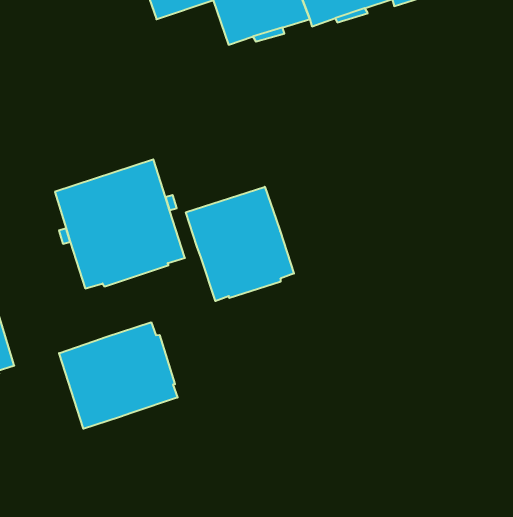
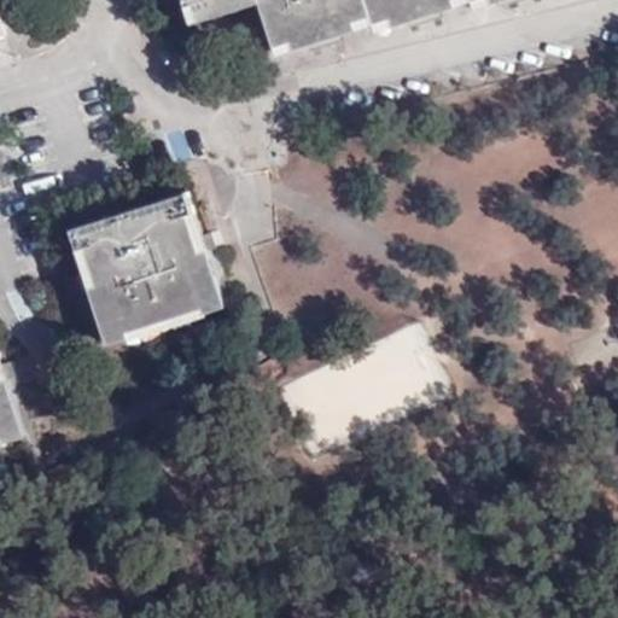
building: [186,187,294,301] -> none
building: [59,322,178,429] -> none

